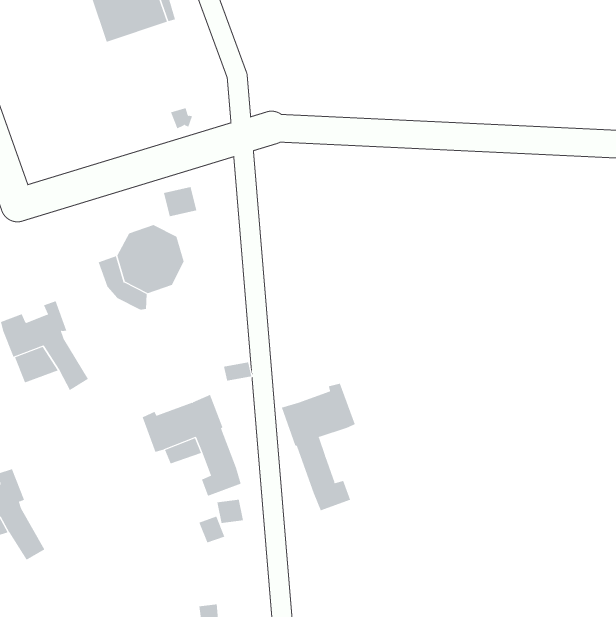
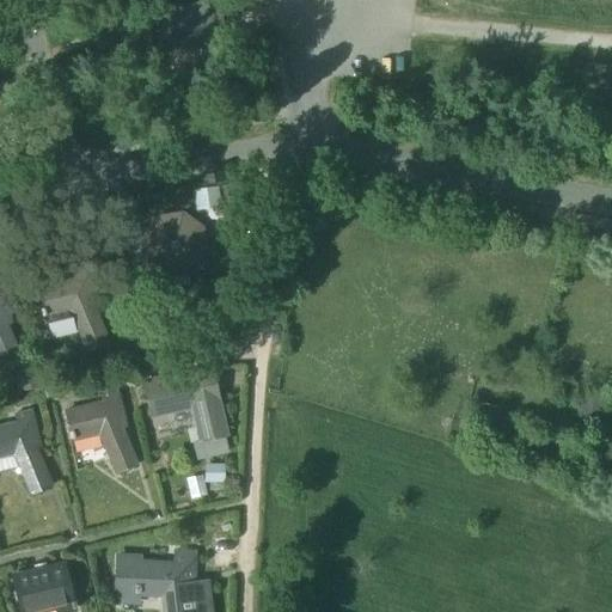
building: [281,383,355,511] -> none
building: none -> [66,388,137,471]

